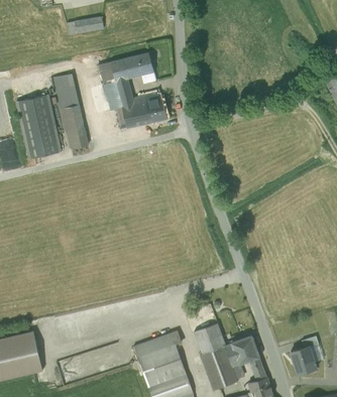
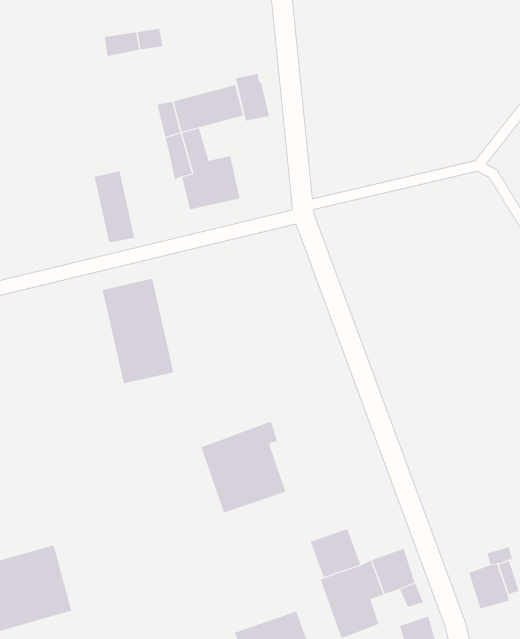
building: [53,74,78,109] -> none
building: [145,93,166,122] -> [235,73,270,121]
building: [16,95,61,159] -> [102,278,174,384]
building: [133,330,186,387] -> [200,421,286,513]

